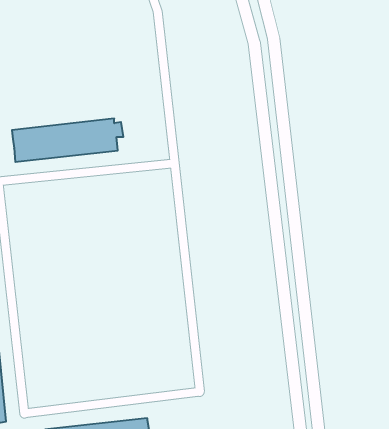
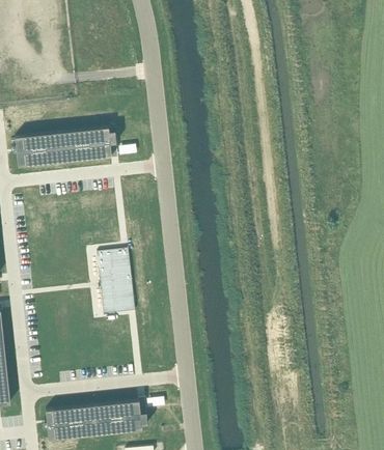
building: none -> [98,249,136,315]

